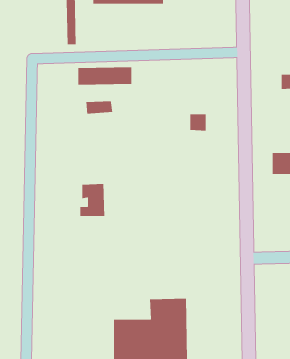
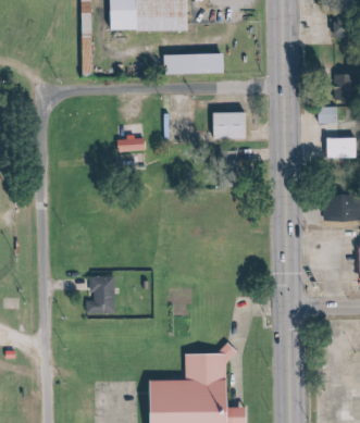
building: [78,67,132,85] -> [171,53,231,74]
building: none -> [221,112,255,139]
building: [79,183,105,217] -> [79,274,108,311]

